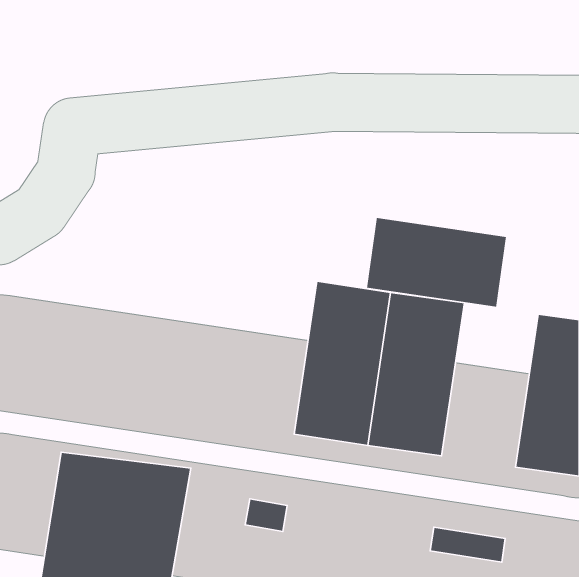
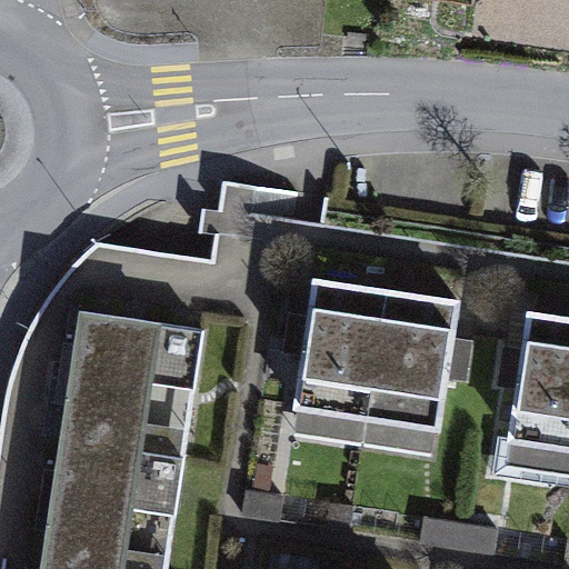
building: [366,217,507,307] -> none
building: none -> [60,319,204,461]

